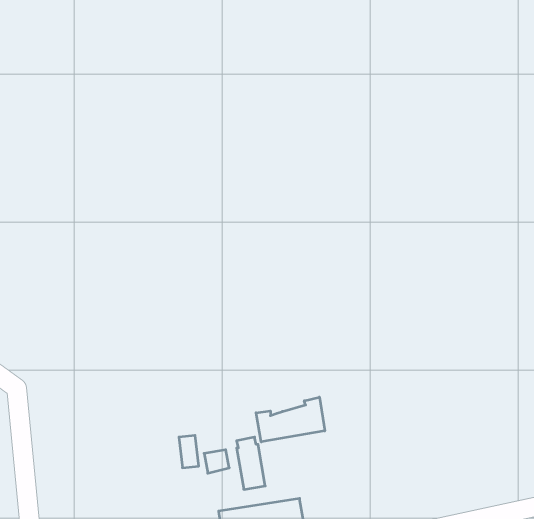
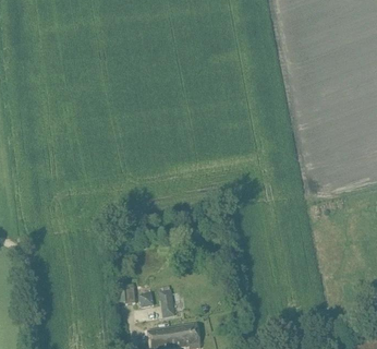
building: [256,397,325,442] -> none

